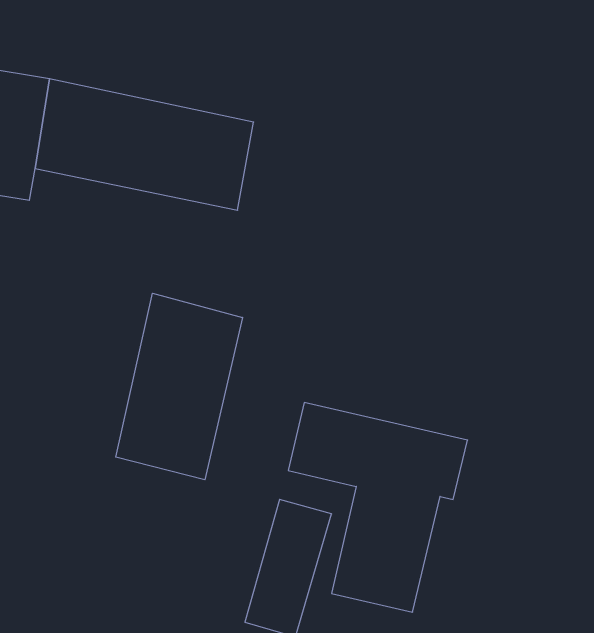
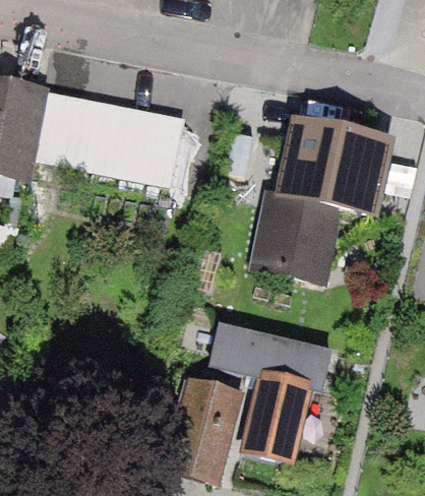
building: none -> [268,123,387,283]
building: [116,293,243,480] -> none

